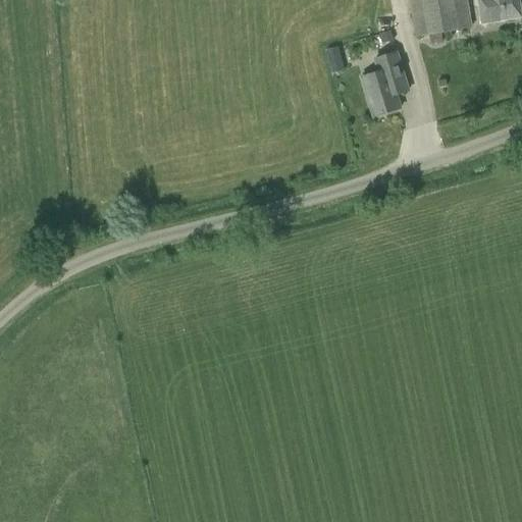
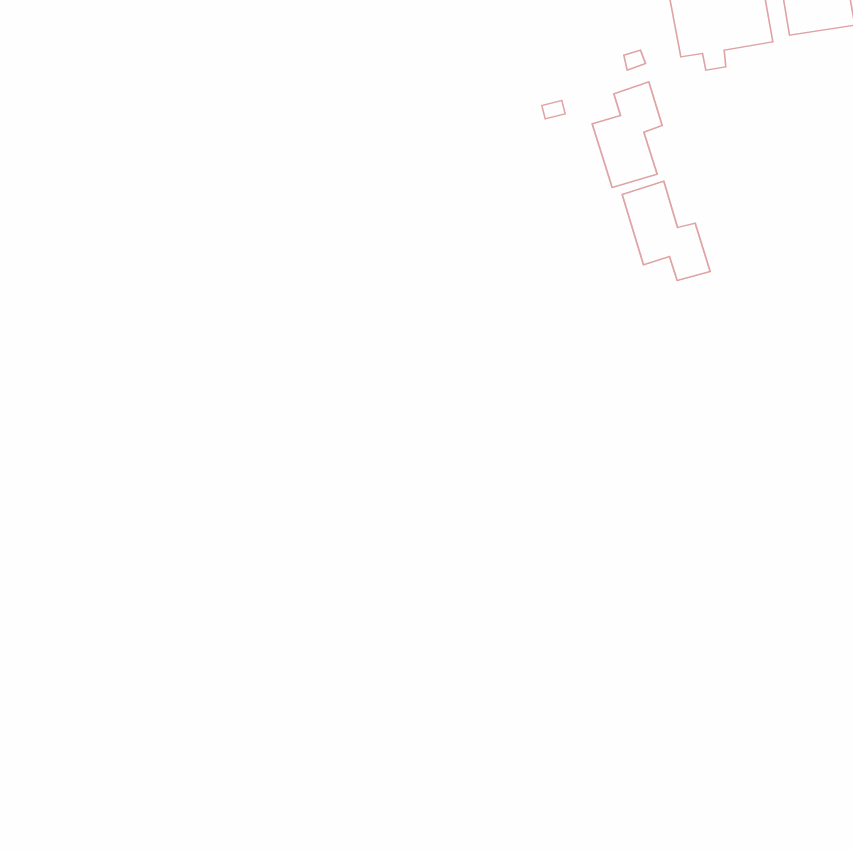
building: none -> [622,181,710,281]

